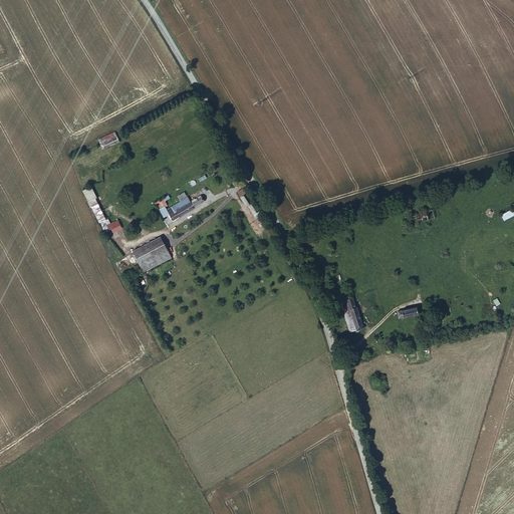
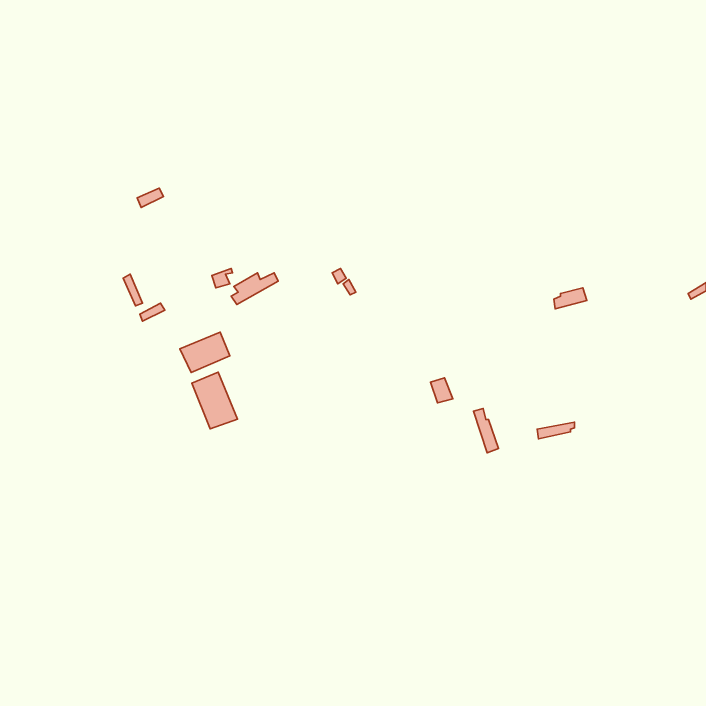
building: none -> [192,372,237,429]

